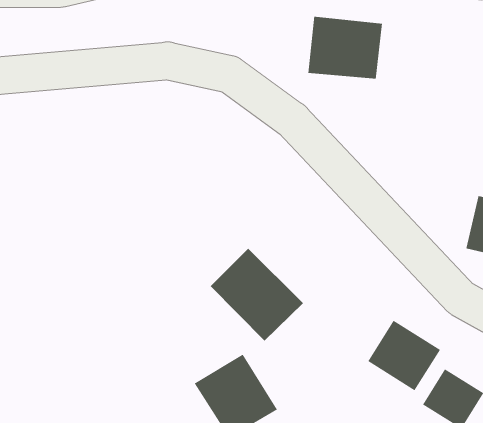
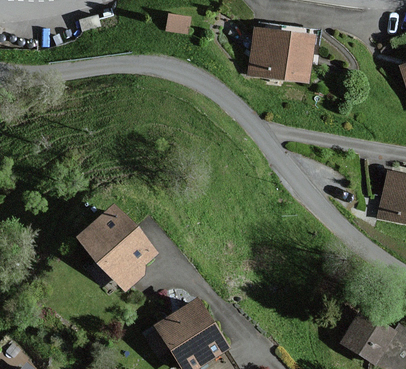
building: [210,248,304,342] -> [82,207,158,283]
building: [367,320,441,391] -> none

